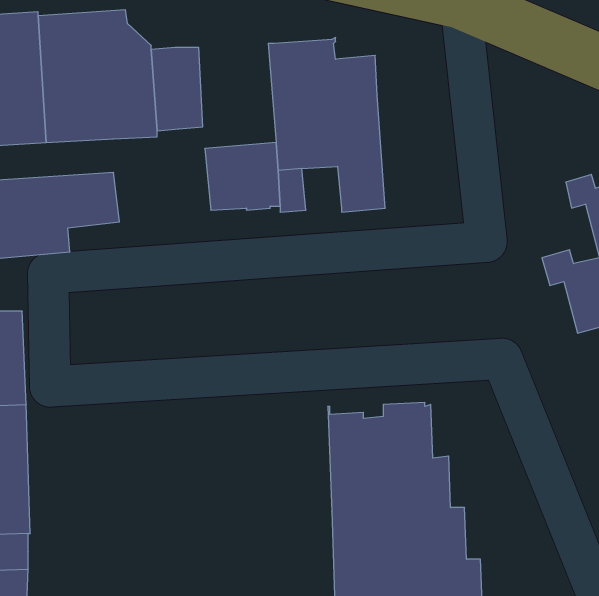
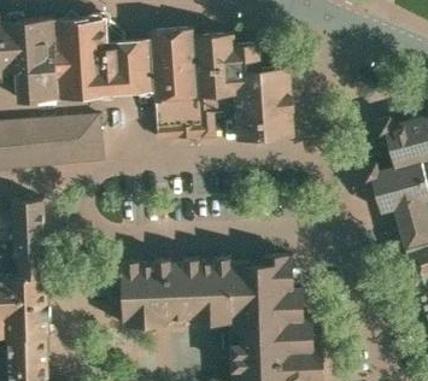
building: none -> [149,29,198,101]
building: none -> [259,68,293,137]
building: none -> [123,258,231,326]

